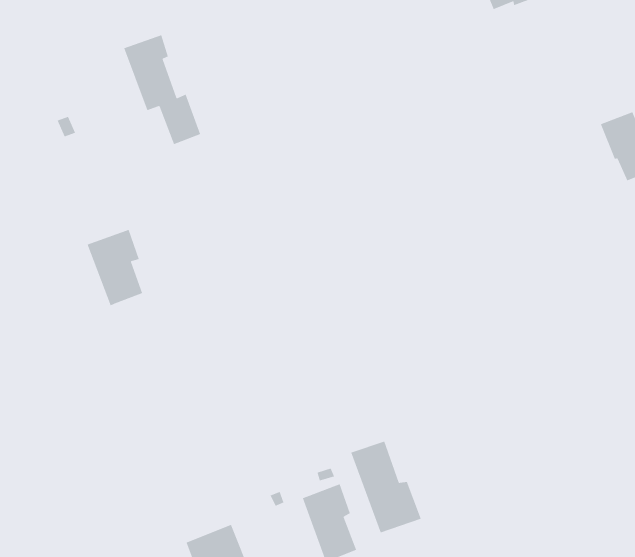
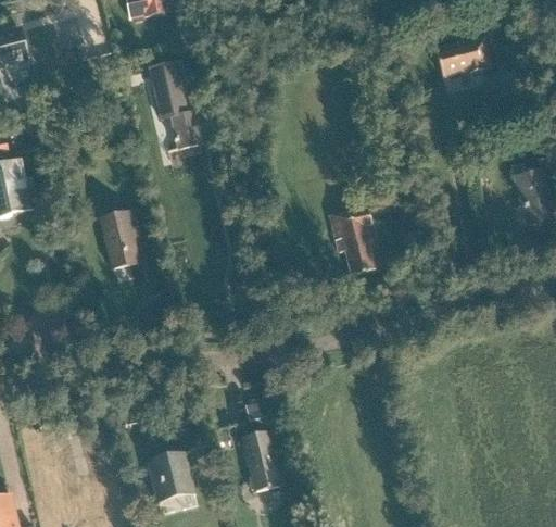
building: none -> [329,205,377,274]
building: [350,441,422,533] -> none

